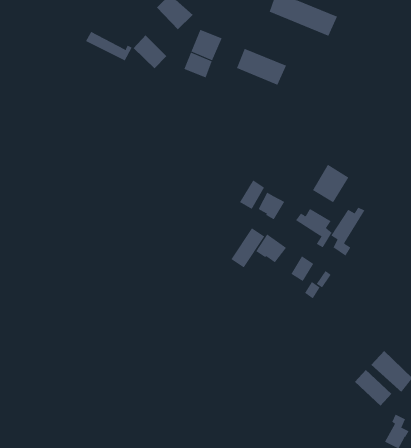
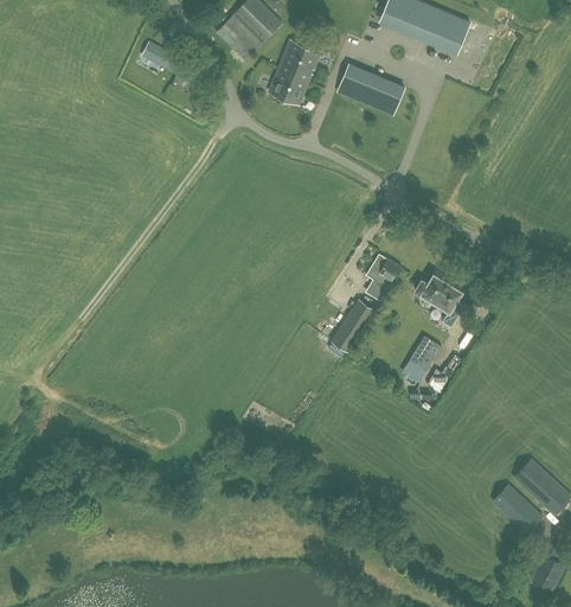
building: [133,35,167,69] -> [217,13,262,58]
building: [312,164,349,203] -> none
building: [239,179,265,210] -> none
building: [331,207,365,256] -> none
building: [255,234,287,263] -> none

